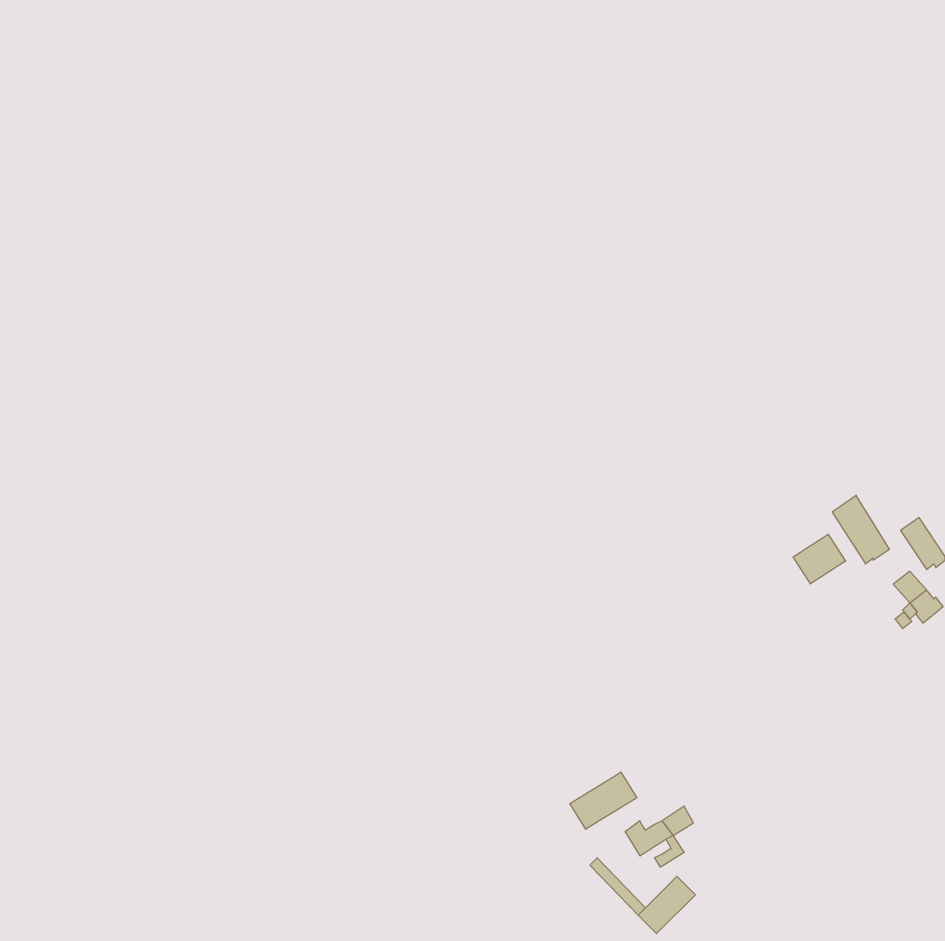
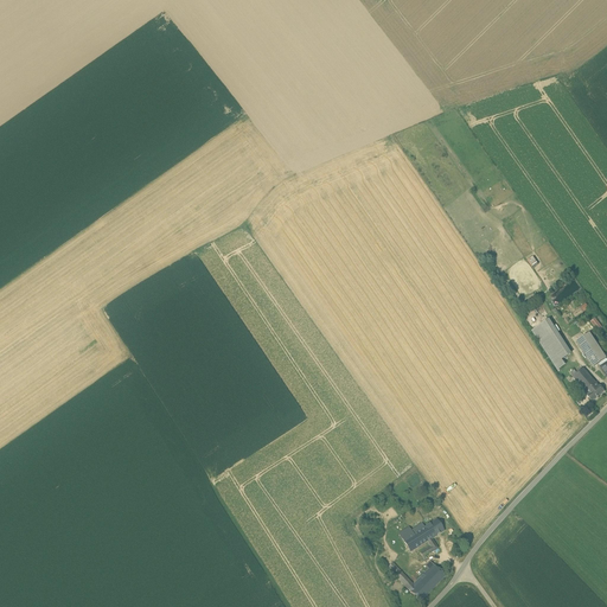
building: [793,534,846,584] -> none
building: [570,772,637,829] -> none

